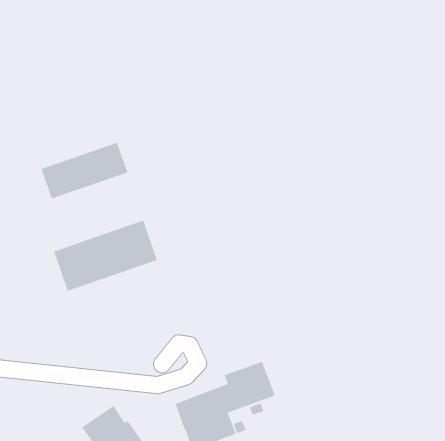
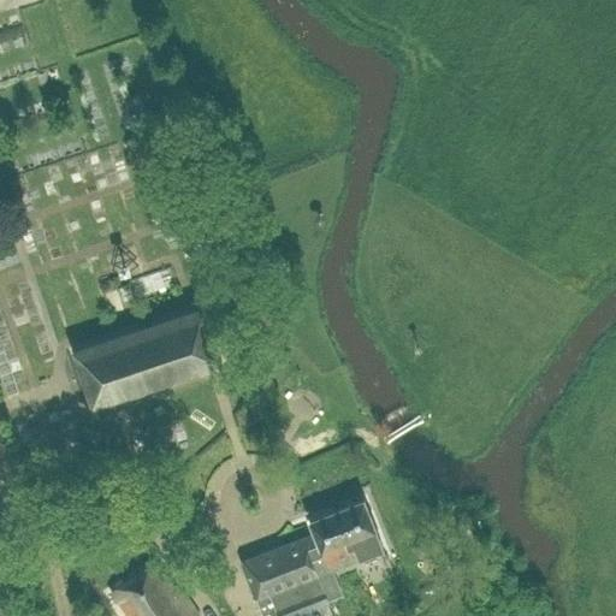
building: [40,142,128,199] -> none

